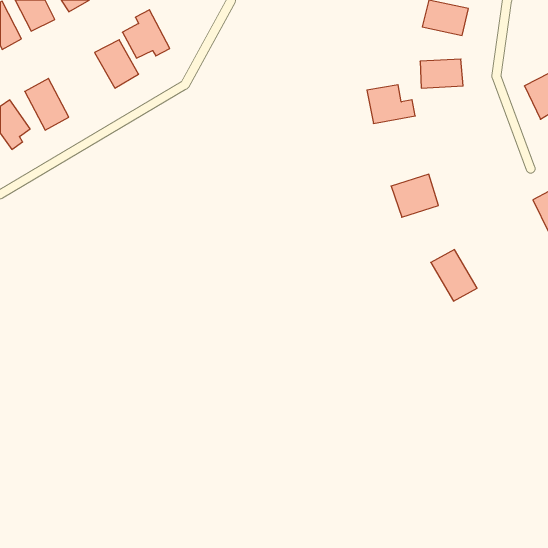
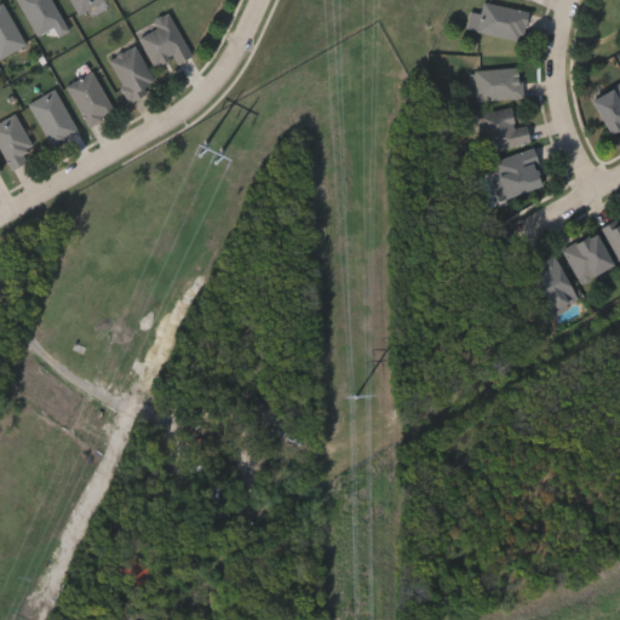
building: none -> [67,71,115,126]
building: [367,85,415,123] -> [477,108,532,151]
building: [391,174,438,217] -> [490,149,544,197]
building: none -> [563,231,614,283]
building: [431,250,477,301] -> [527,256,579,314]

